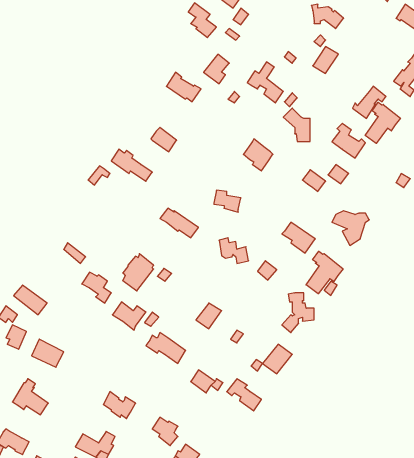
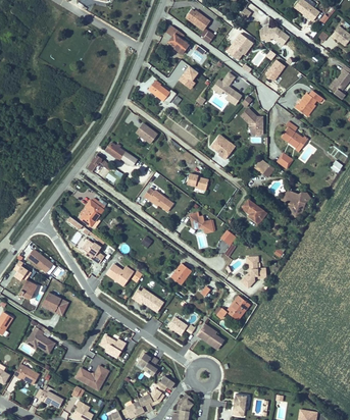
building: none -> [226,32,254,60]
building: [365,102,400,143] -> none
building: [306,251,343,294] -> none
building: [123,254,154,291] -> [81,197,105,226]

